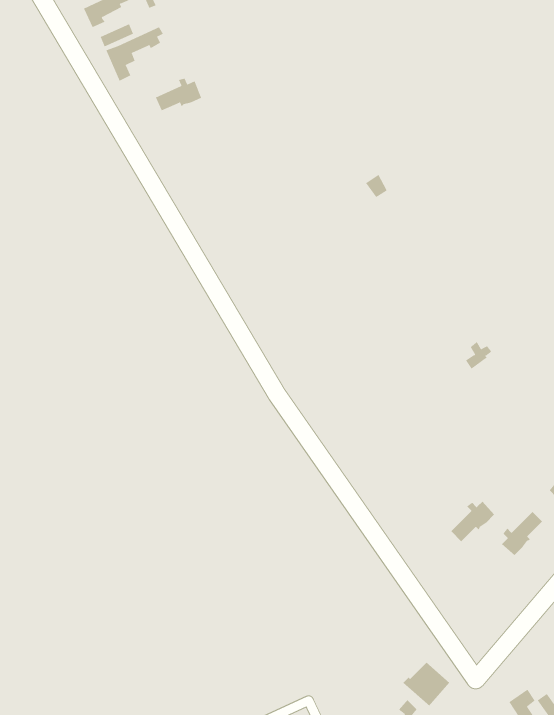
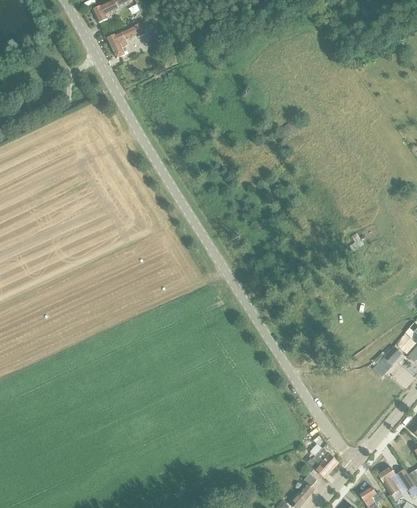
building: [155,78,202,111] -> none
building: [450,501,495,542] -> none

